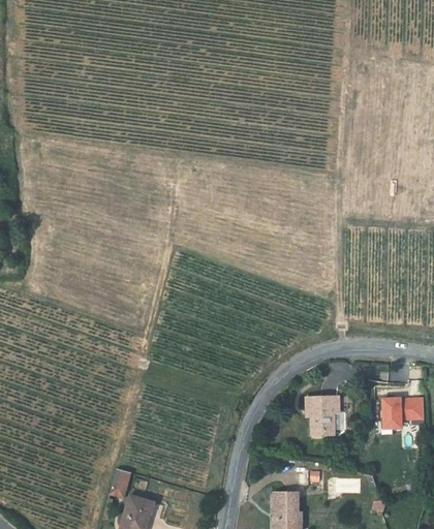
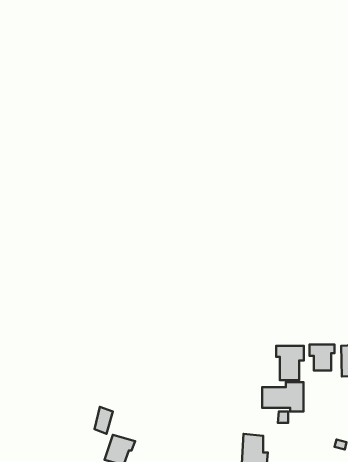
building: none -> [310,345,335,371]
building: none -> [262,382,304,412]

